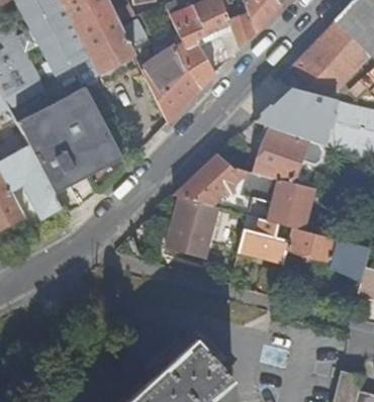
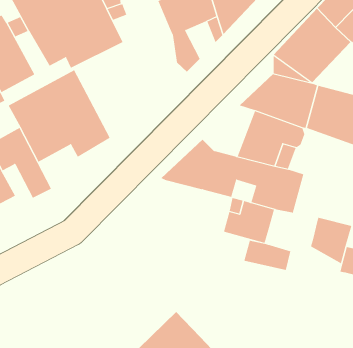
building: [144,42,201,121] -> none
building: [165,199,217,260] -> none
building: [286,229,336,261] -> [243,240,291,271]

